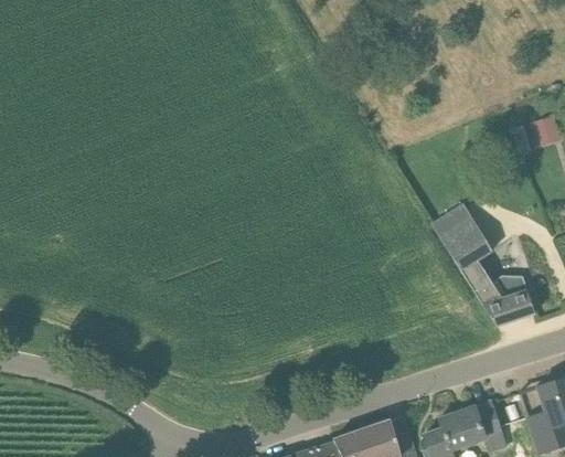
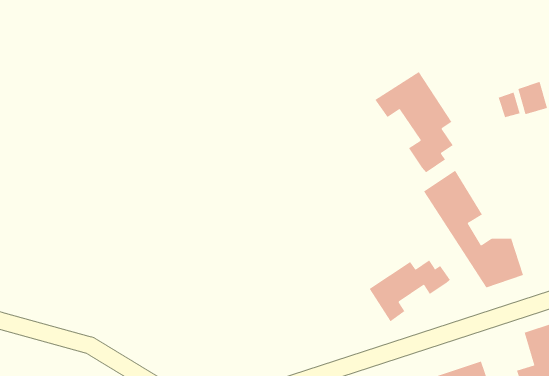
building: none -> [374,71,454,173]
building: none -> [369,259,451,322]

